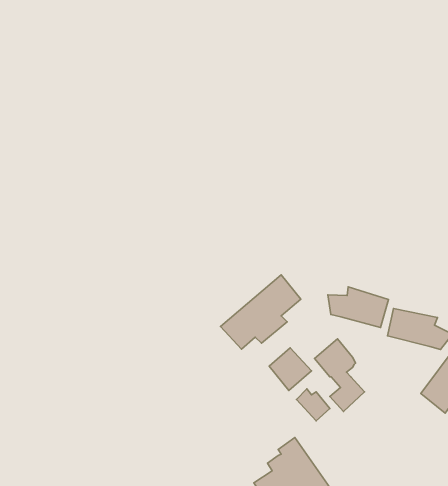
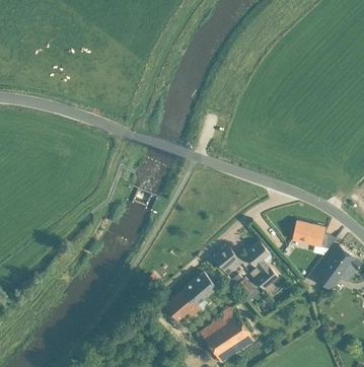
building: [220,275,301,349] -> [161,272,215,321]
building: [328,287,389,327] -> none

